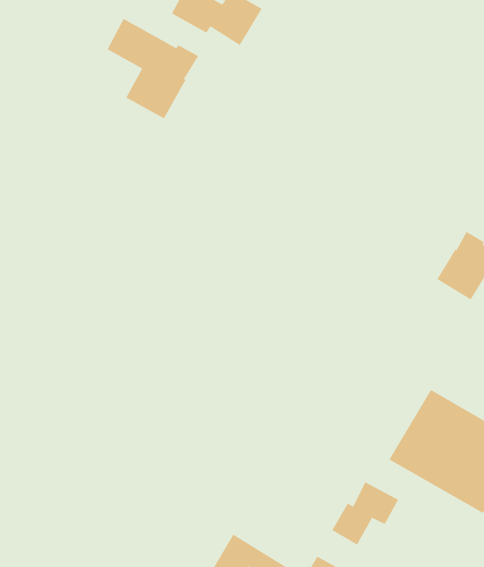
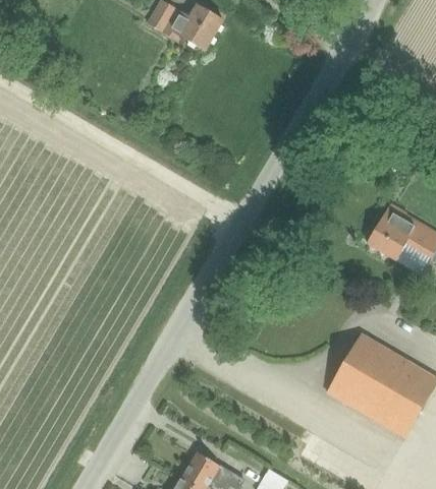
building: [107,18,199,119] -> none
building: [331,482,399,546] -> none

